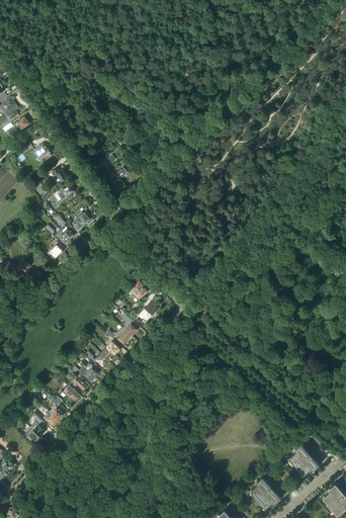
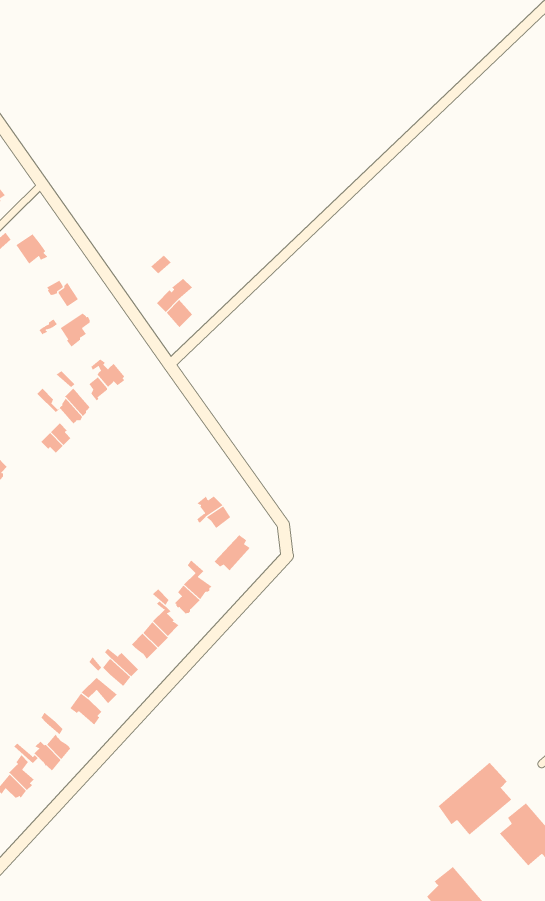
building: none -> [438,762,512,835]

